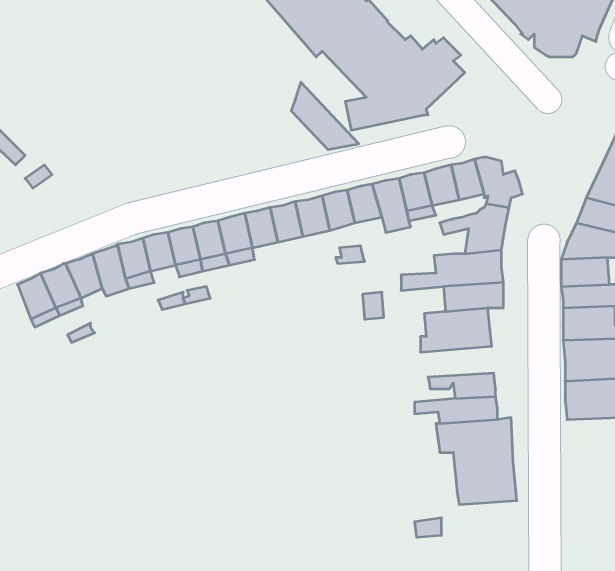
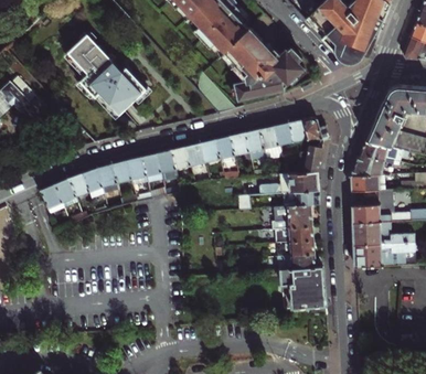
building: none -> [66,33,150,118]
building: none -> [266,225,313,243]

